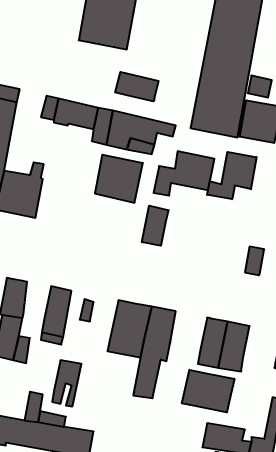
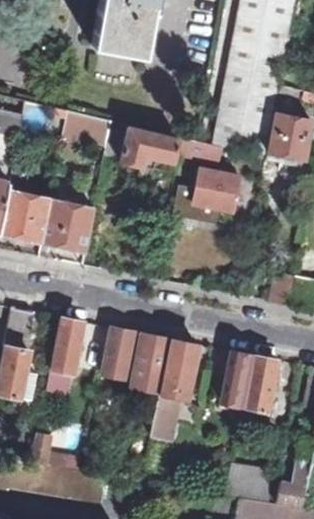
building: [115,72,159,101] -> none
building: [207,152,257,199] -> none
building: [95,155,143,203] -> [44,200,96,252]
building: [142,206,169,246] -> none
building: [52,360,82,406] -> [102,328,135,379]
building: [182,370,234,412] -> none

